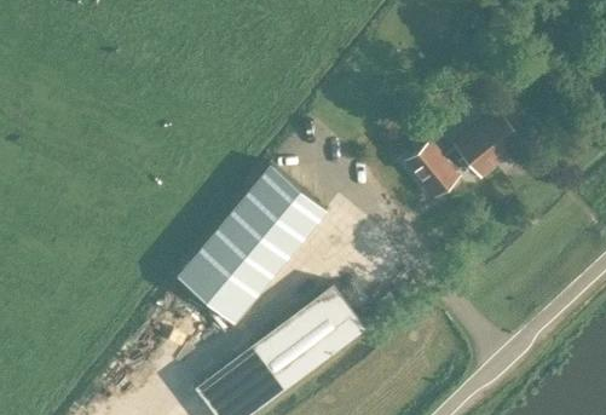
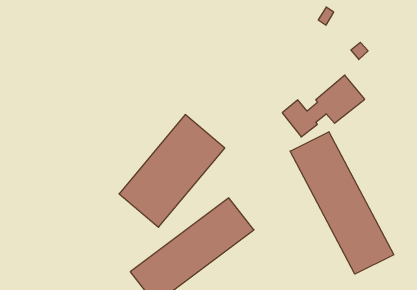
building: none -> [290,132,394,274]

